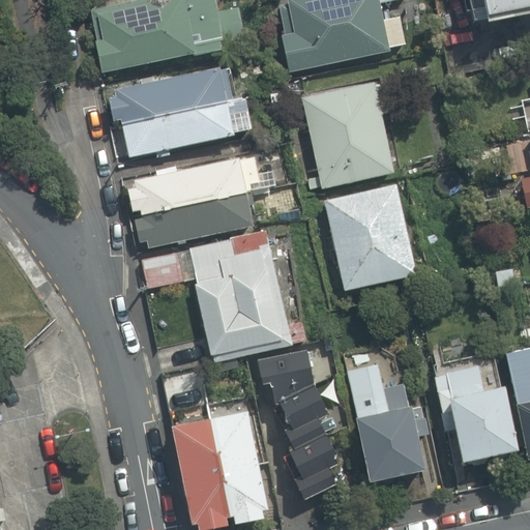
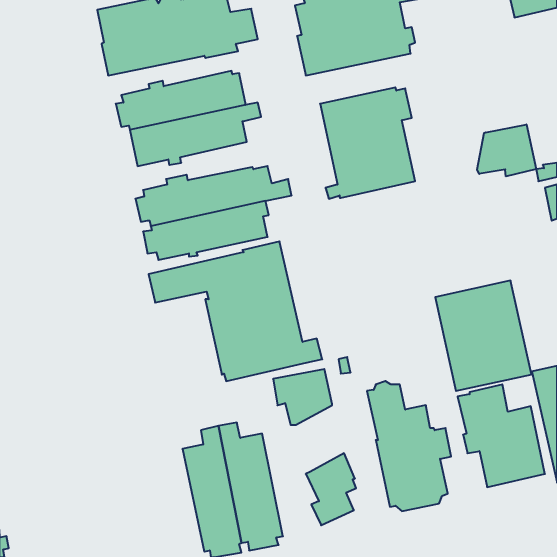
building: none -> [477,124,536,176]
building: [325,184,416,289] -> [435,281,531,391]
building: [281,384,328,447] -> none

